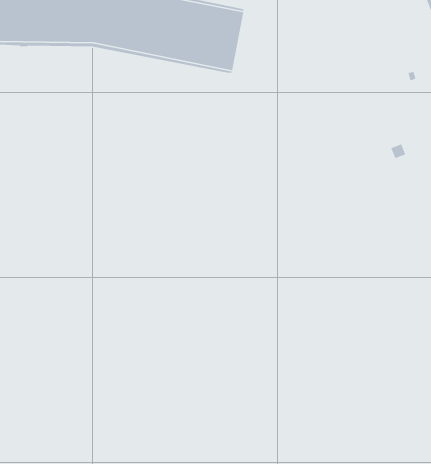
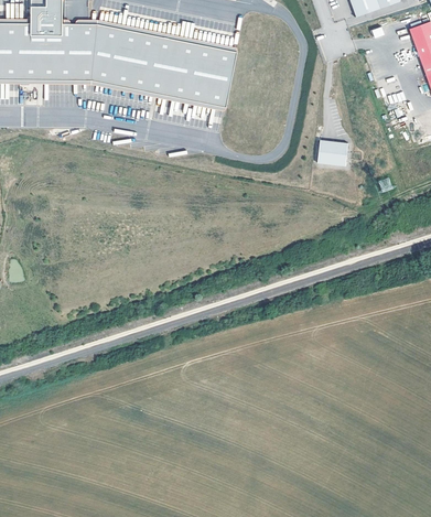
building: none -> [317,141,348,168]

